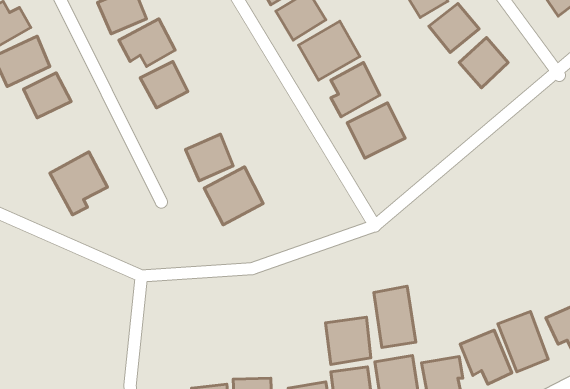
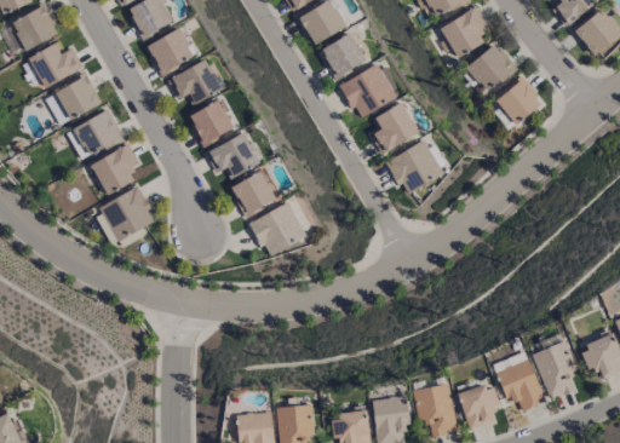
building: none -> [206,132,260,176]
building: none -> [92,146,134,194]
building: [374,286,416,348] -> none
building: [325,317,371,364] -> none

